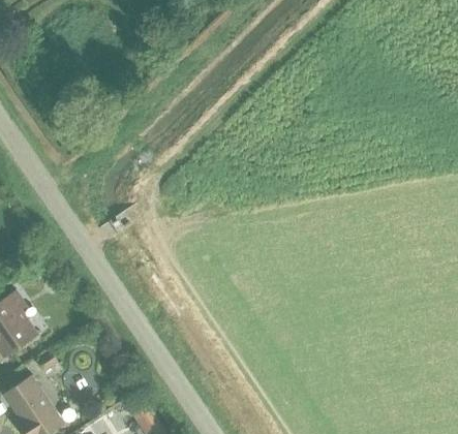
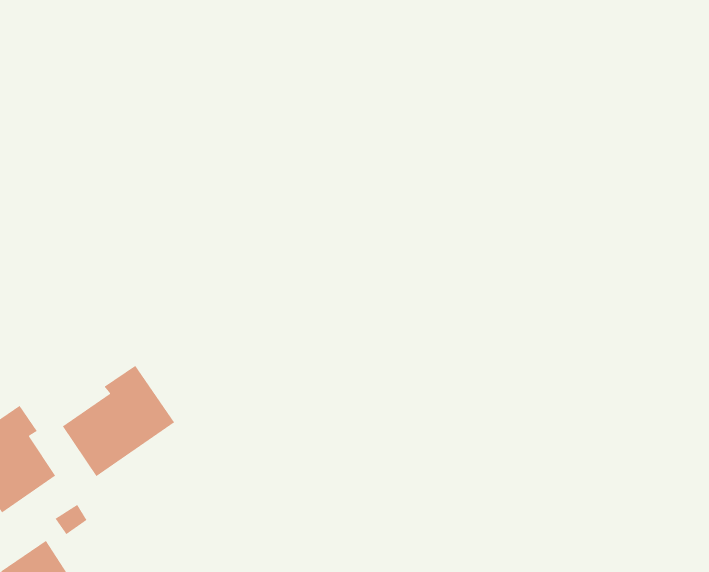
building: none -> [62,365,175,477]

